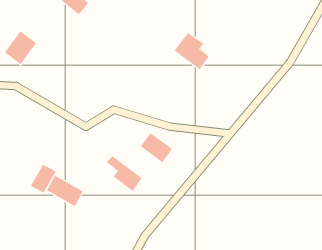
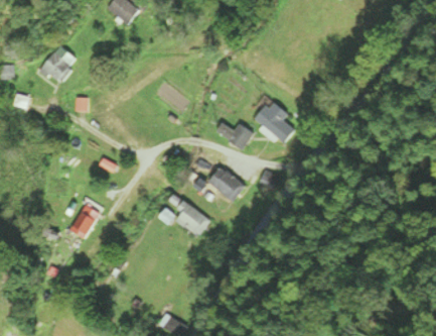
building: [174,32,209,70] -> [250,99,292,144]
building: none -> [216,122,251,149]
building: [46,175,84,207] -> none

